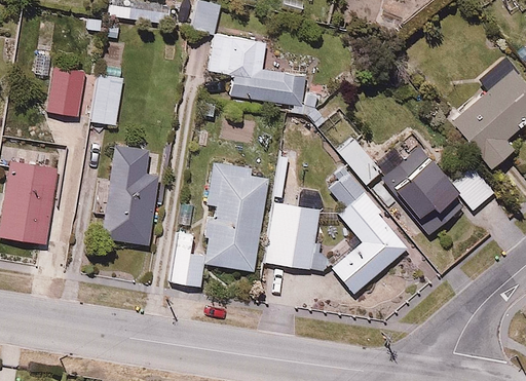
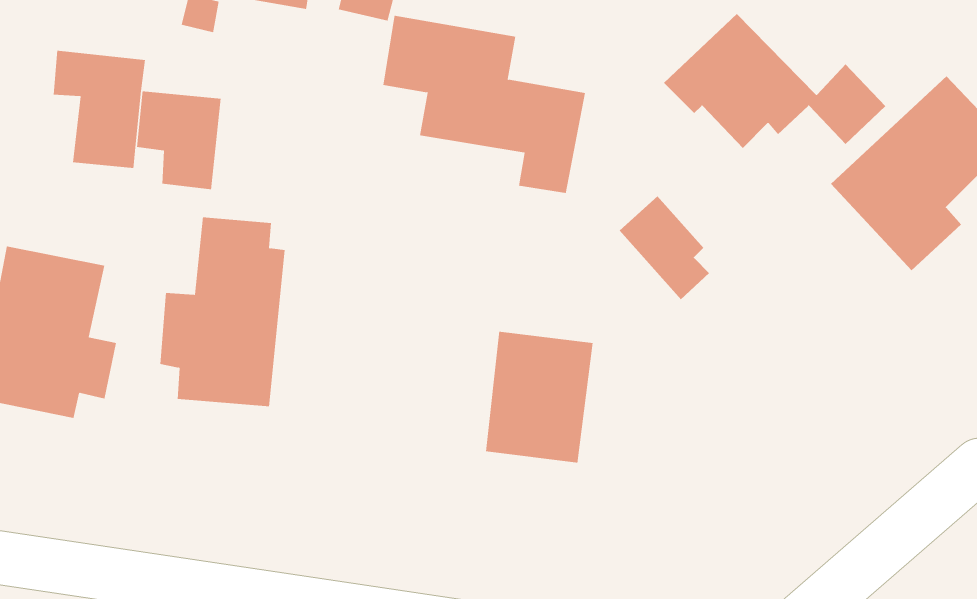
building: [377,143,495,215] -> [663,13,886,149]
building: [168,164,267,287] -> none
building: [327,164,409,294] -> none

